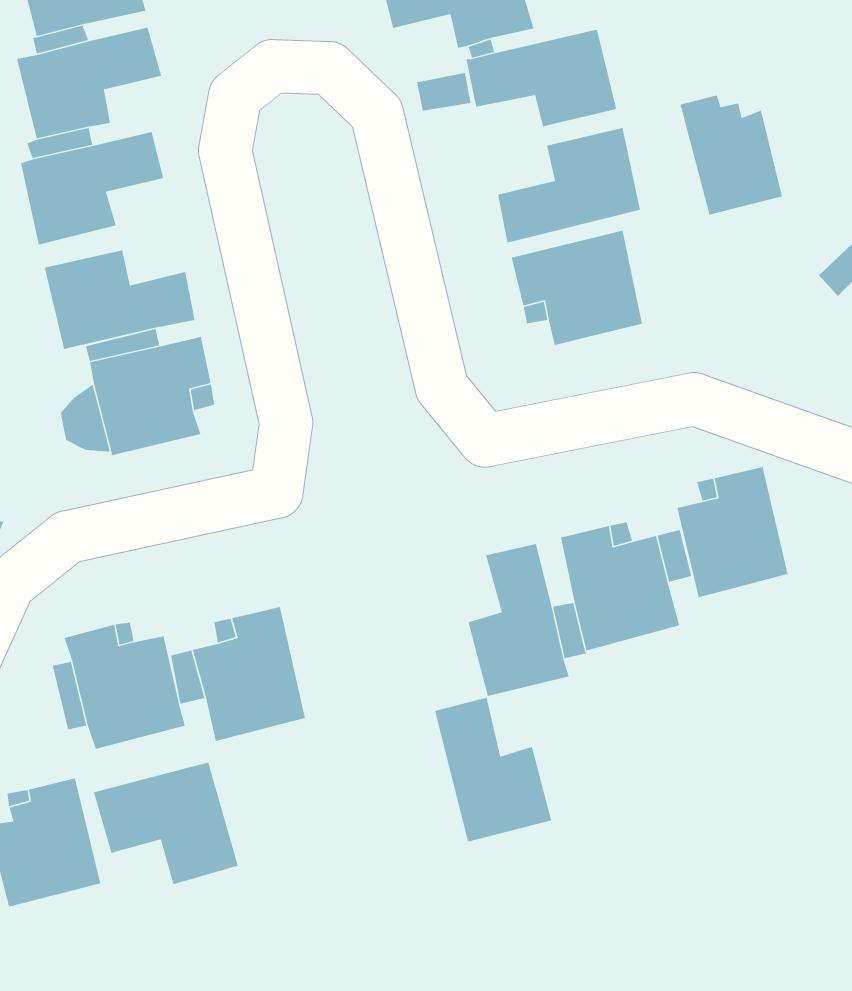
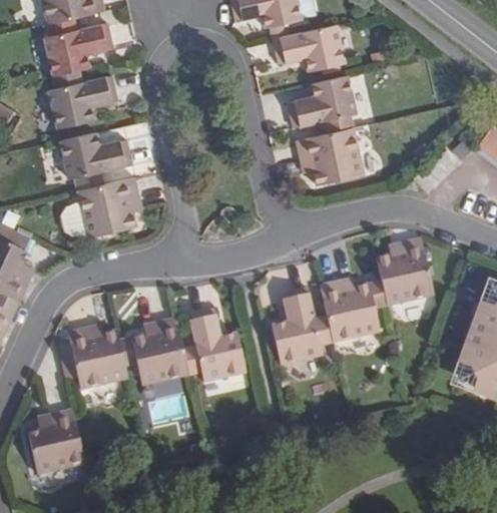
building: [680,94,783,215] -> none
building: [434,697,552,842] -> [186,307,246,381]
building: [93,762,239,885] -> none

